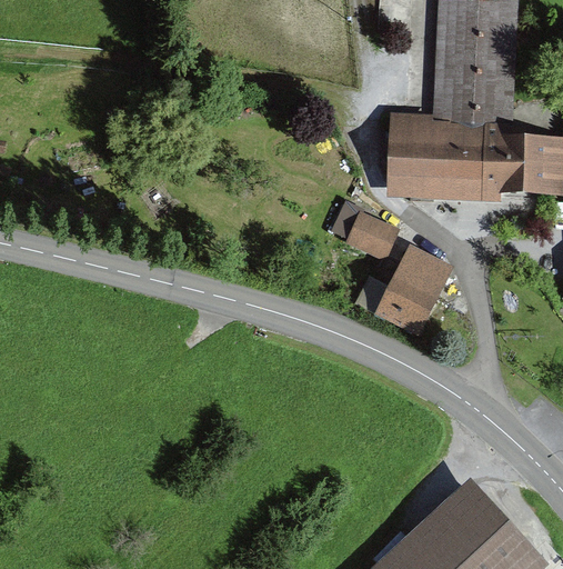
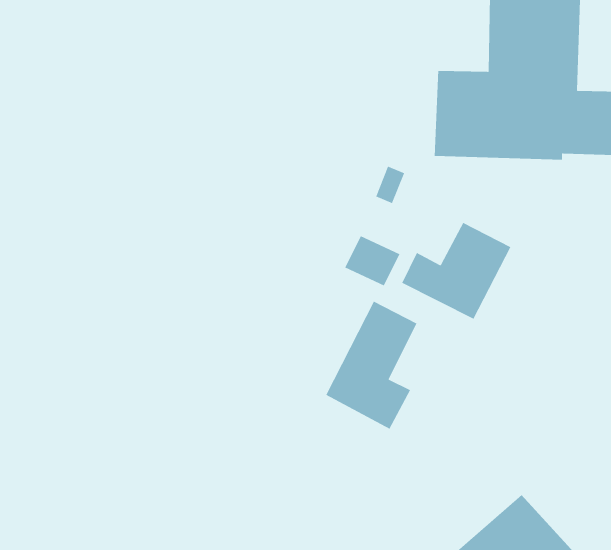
building: [346,214,396,260] -> [344,235,401,287]
building: none -> [325,301,418,430]

